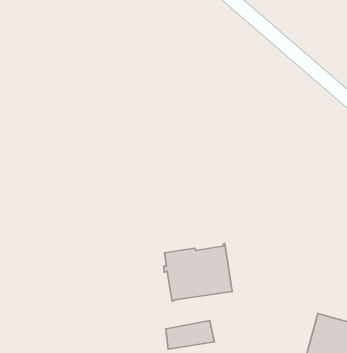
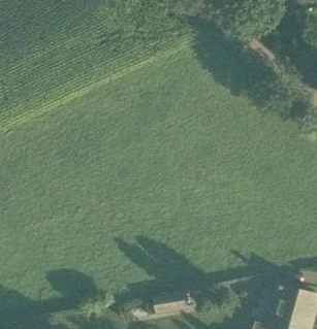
building: [164,243,232,301] -> none

